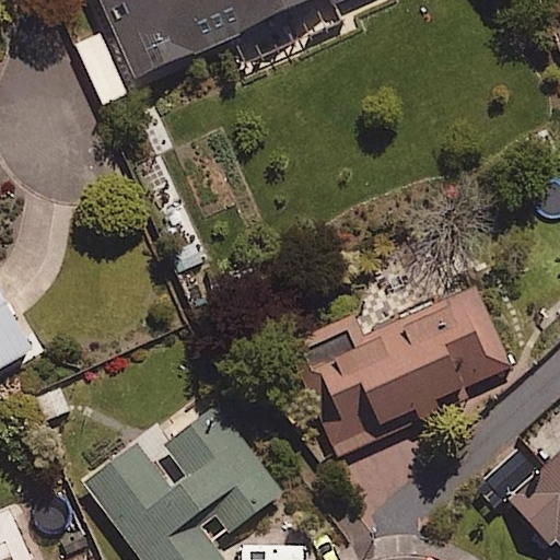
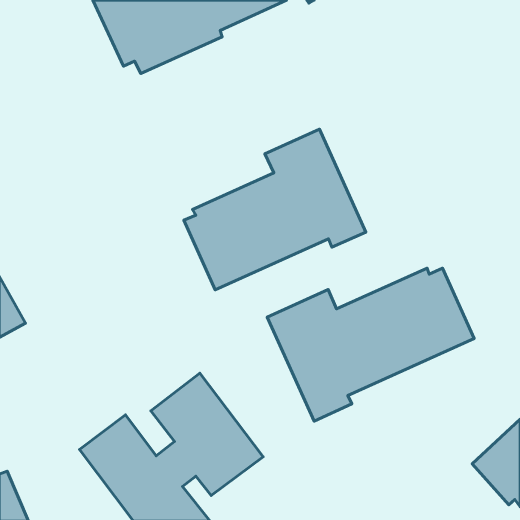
building: none -> [184,129,366,290]

